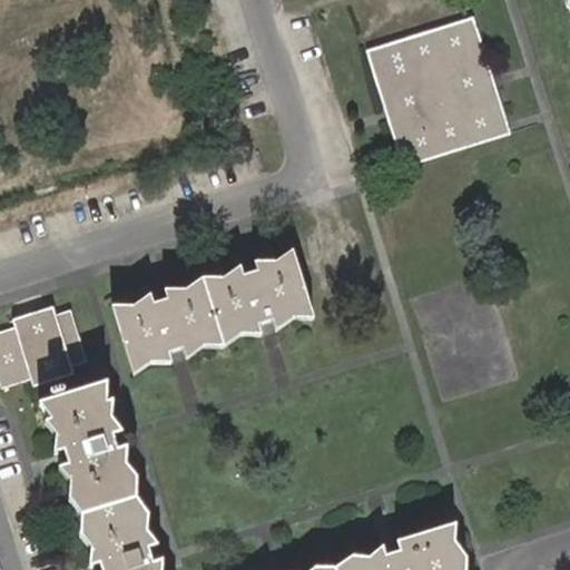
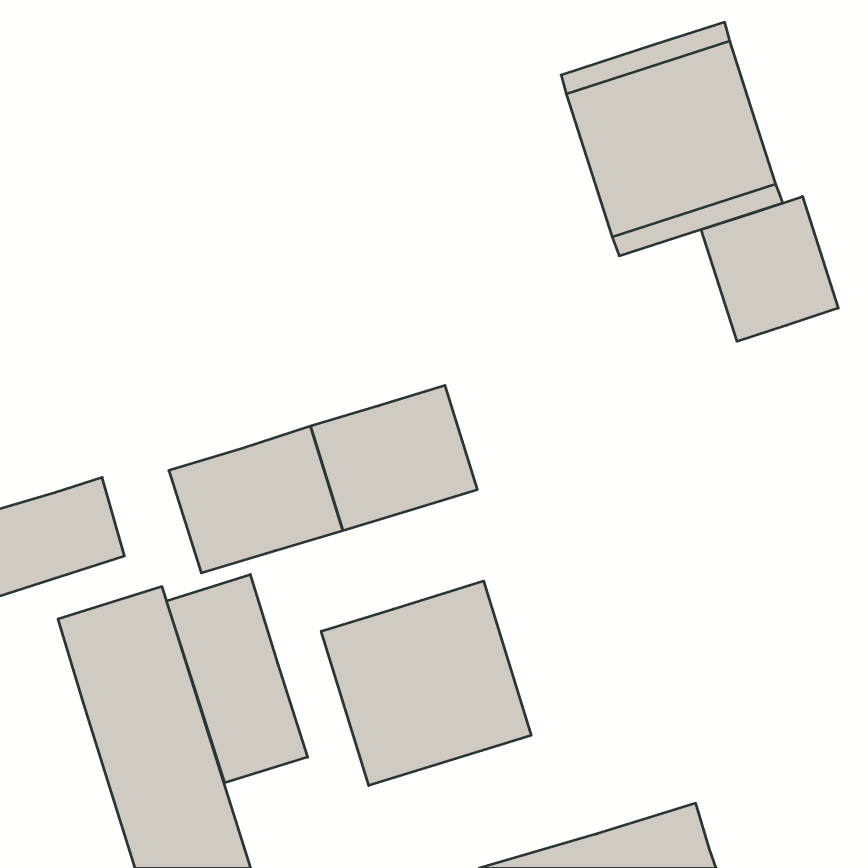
building: none -> [701,196,838,341]
building: none -> [167,574,308,783]
building: none -> [321,581,531,786]

